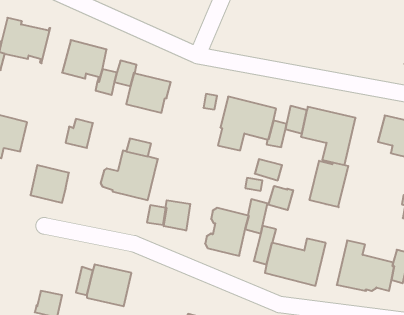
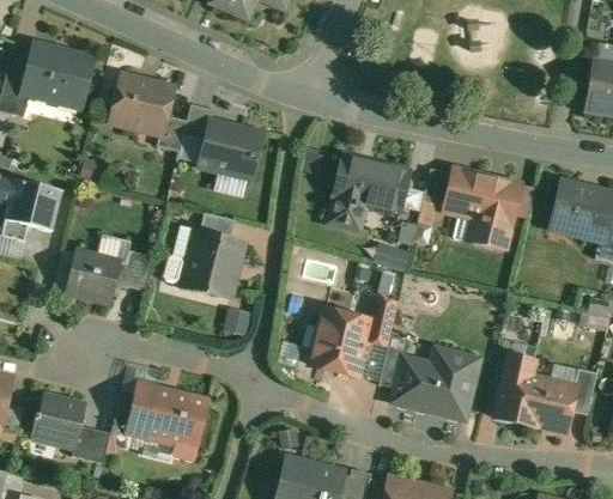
building: [66,119,93,148] -> [115,249,153,290]
building: [310,161,348,207] -> none
building: [268,186,293,210] -> none
building: [164,200,190,231] -> none
building: none -> [31,394,85,446]

